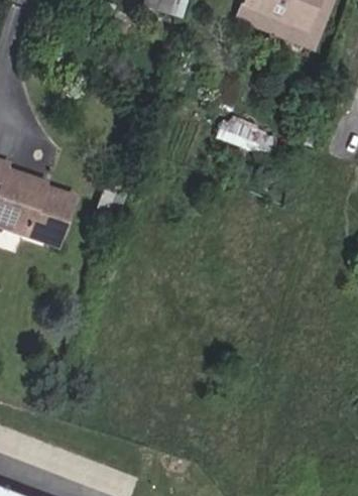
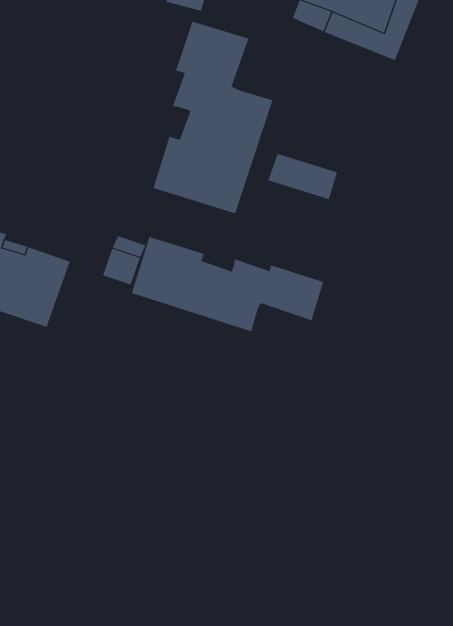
building: none -> [153,21,273,214]
building: none -> [131,236,324,332]

